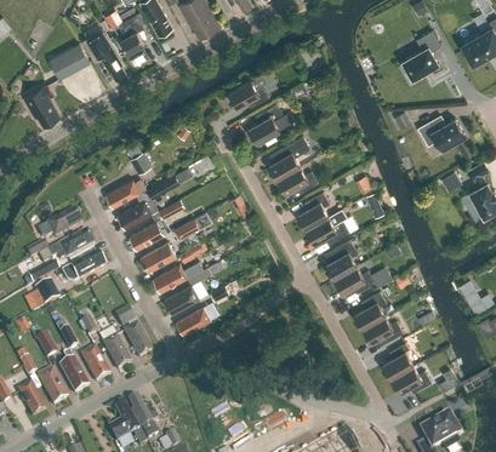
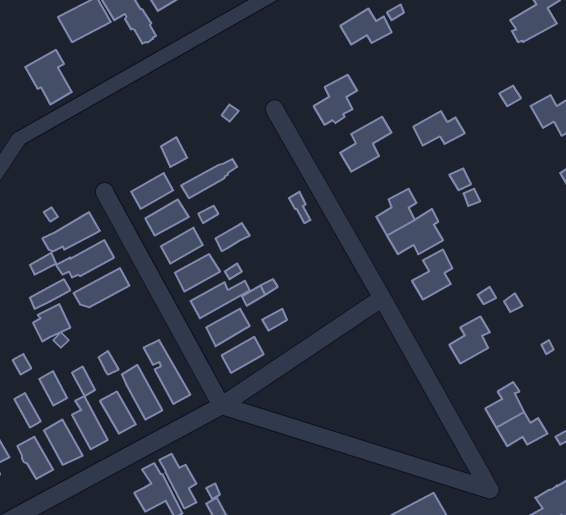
building: [228,80,268,108] -> [340,9,392,45]
building: [278,167,318,194] -> [413,111,465,146]
building: [333,267,374,293] -> none
building: [363,316,403,343] -> none

